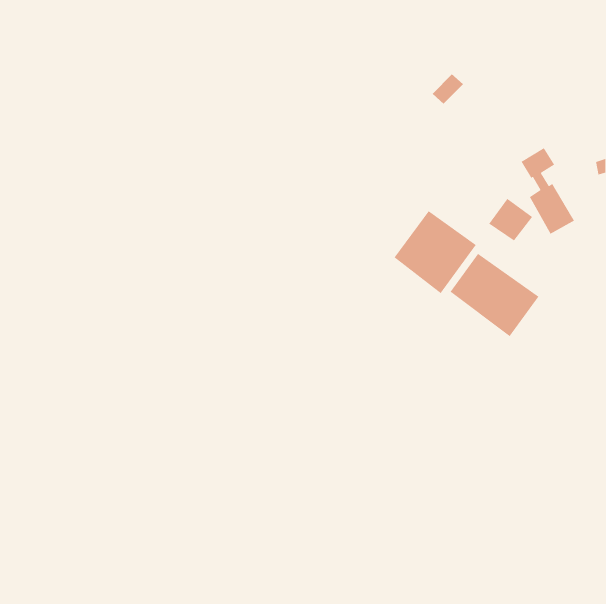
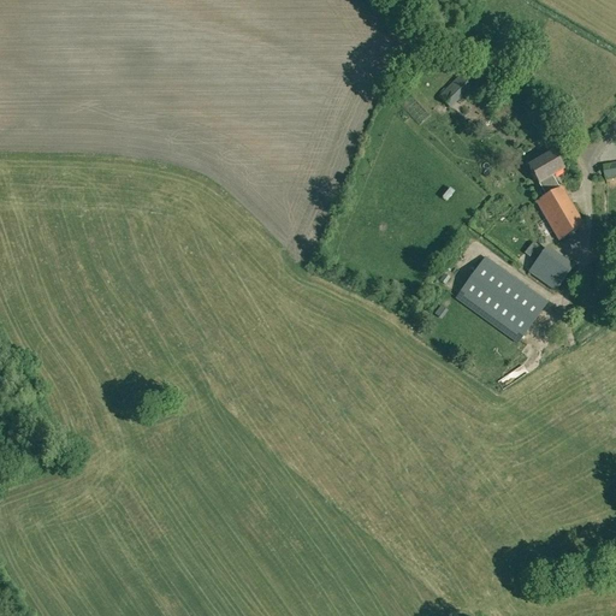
building: [488,198,533,242] -> [528,244,574,289]
building: [394,210,477,294] -> none

